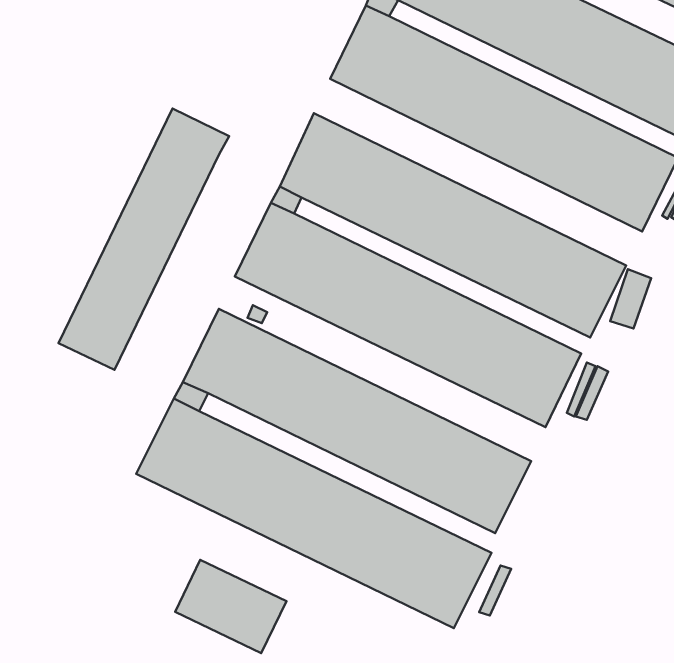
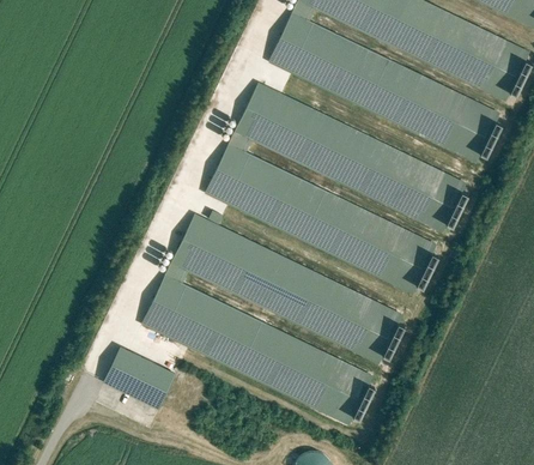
building: [58,109,229,370] -> none
building: [175,560,286,653] -> [99,346,174,409]

